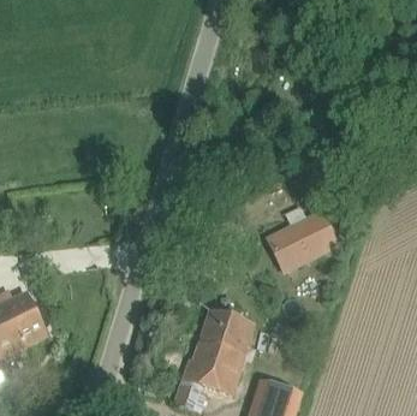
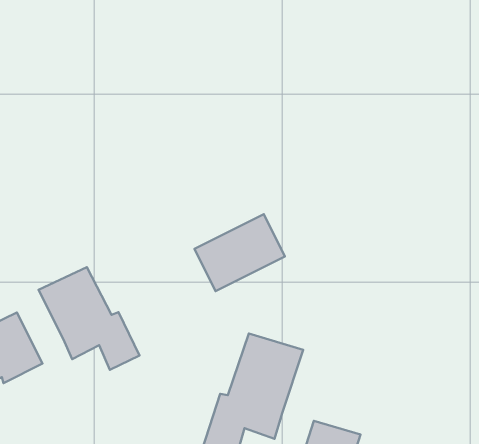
building: [264,206,336,267] -> [194,214,285,291]
building: none -> [38,267,140,370]

